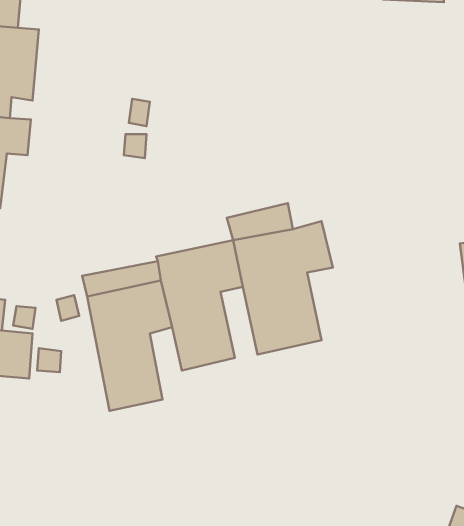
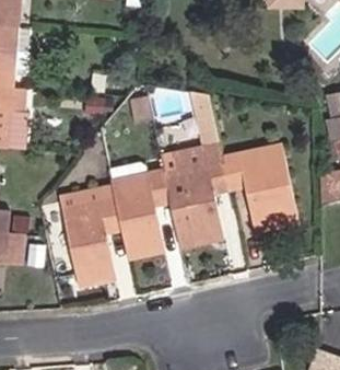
building: none -> [223,144,297,230]

